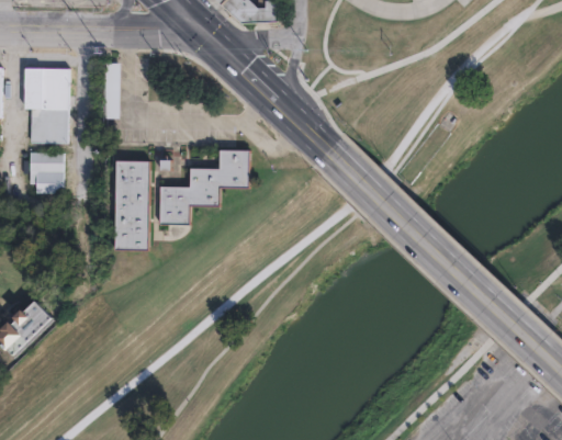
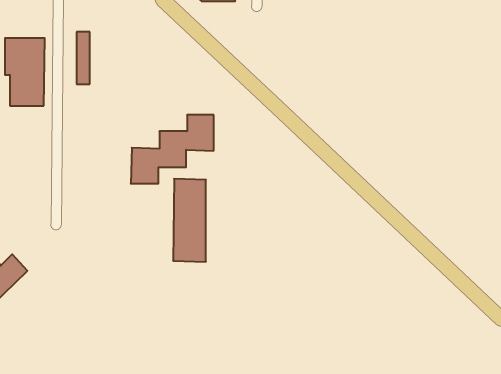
building: [30,150,63,191] -> none
building: [114,160,149,249] -> [173,179,206,262]

